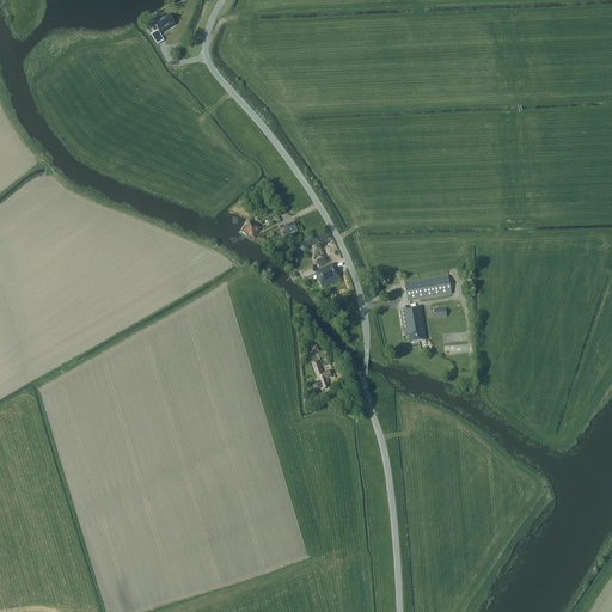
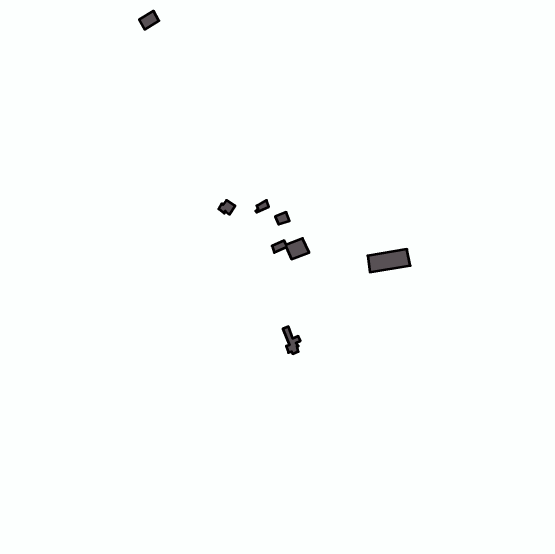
building: [402,305,424,341] -> none

